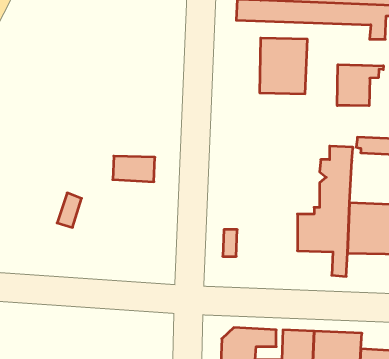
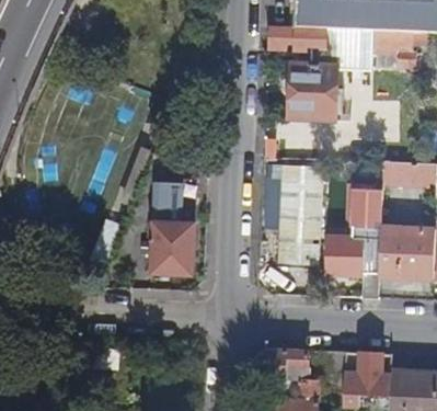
building: [337,65,383,106] -> none
building: none -> [277,165,323,270]
building: none -> [154,222,195,275]

